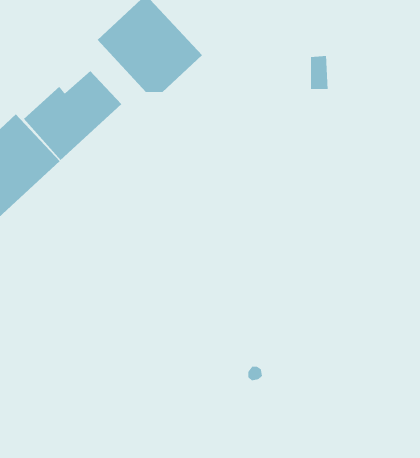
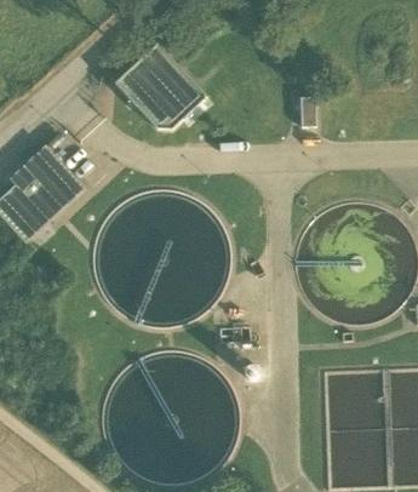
building: [23,70,122,161] -> none

